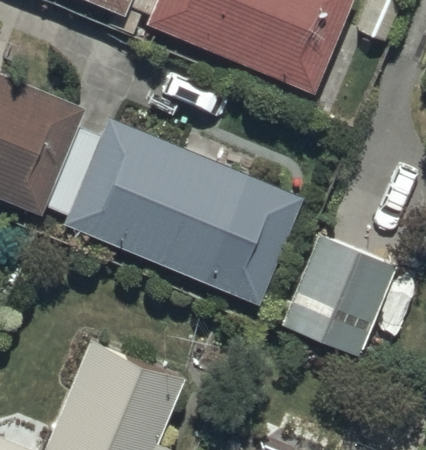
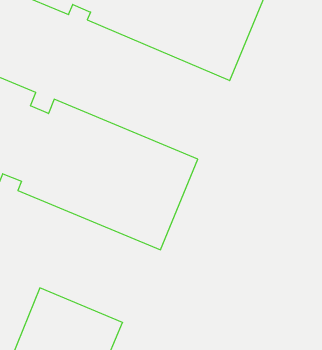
building: [284,235,396,357] -> none

